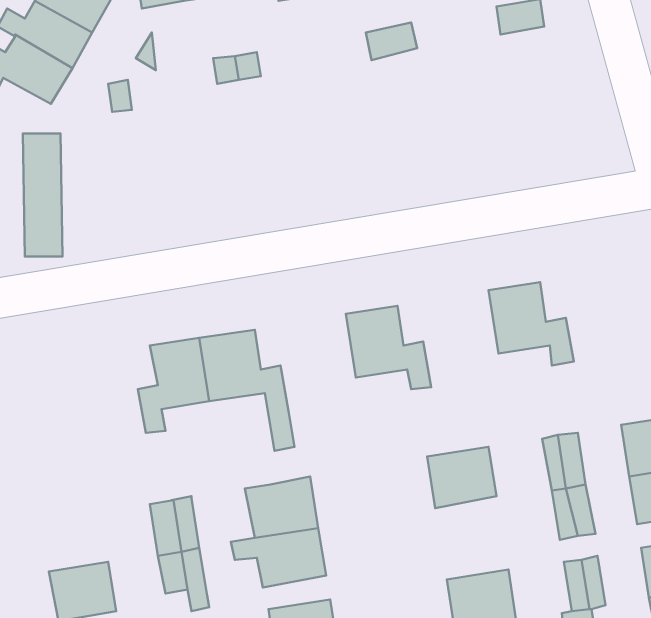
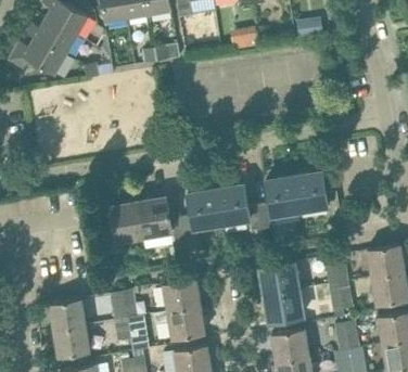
building: none -> [257,177,298,230]
building: none -> [179,190,220,243]
building: none -> [264,290,302,323]
building: none -> [48,299,85,331]

